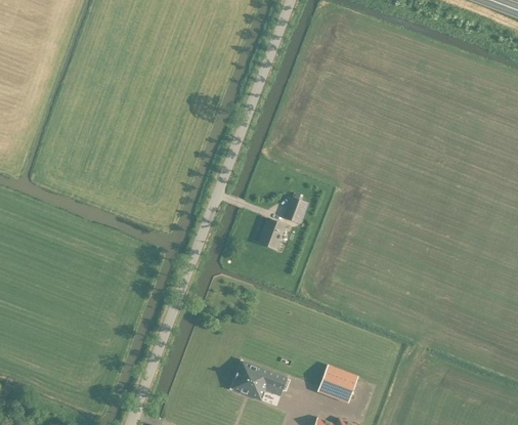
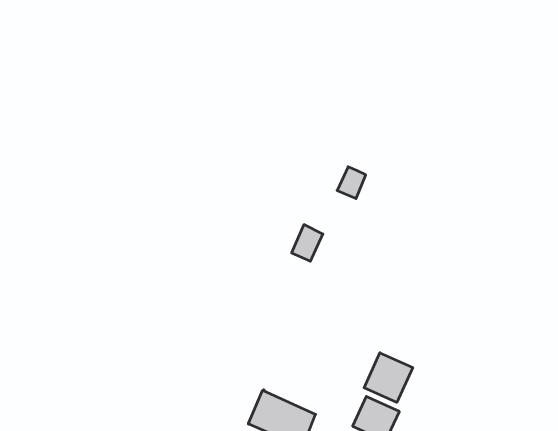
building: [285,198,308,224] -> [337,167,366,199]
building: none -> [364,353,413,402]

